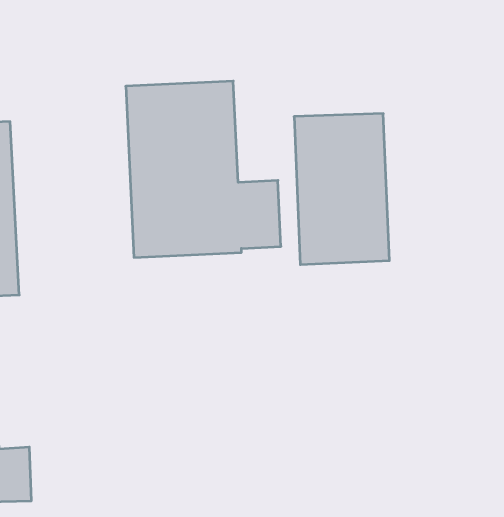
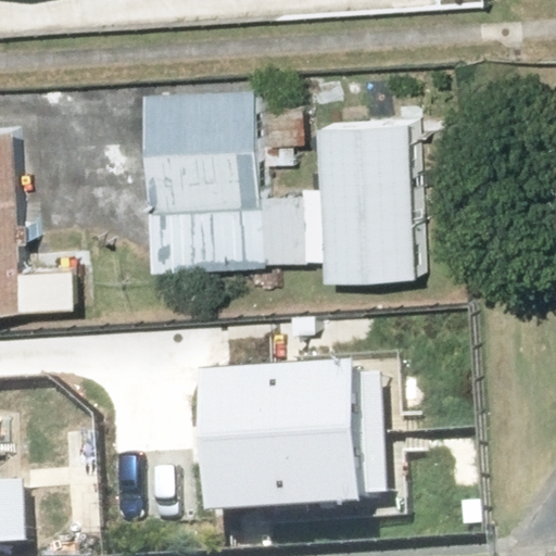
building: none -> [224,367,383,503]

